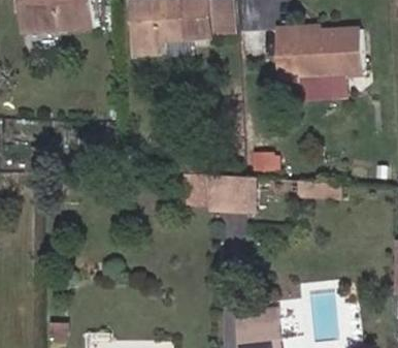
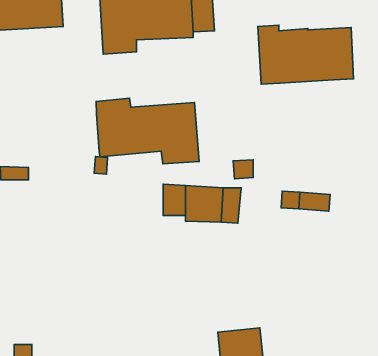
building: [295,76,346,101] -> none
building: none -> [96,98,199,164]

